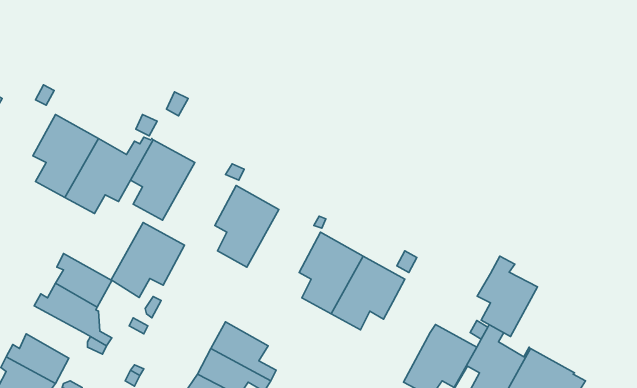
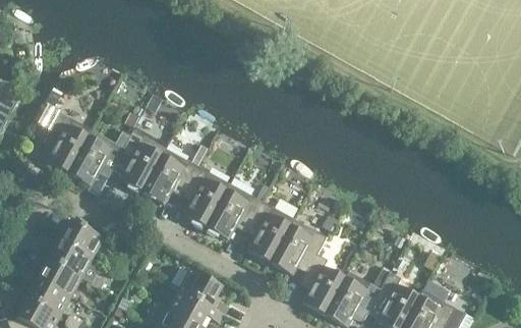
building: none -> [206,183,262,239]
building: [111,222,185,297] -> [141,148,197,205]
building: [477,256,537,336] -> [299,254,345,315]
building: none -> [38,257,81,296]

